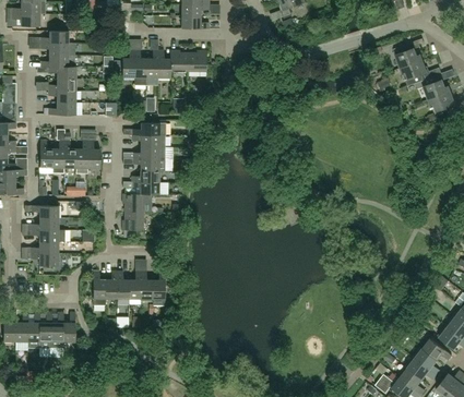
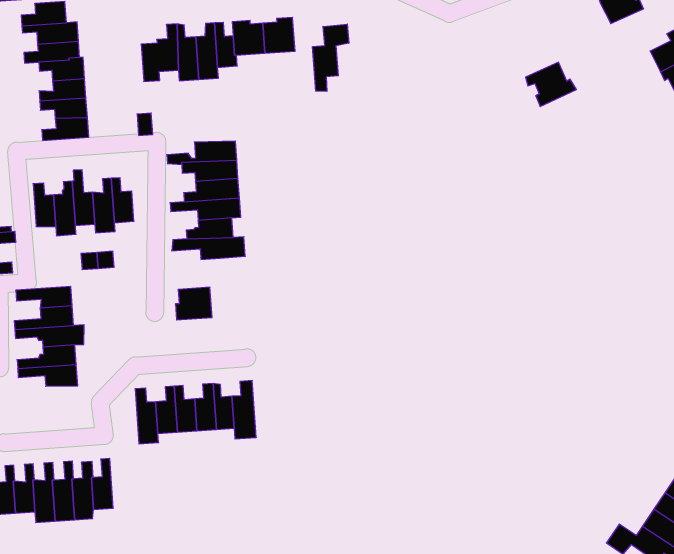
building: none -> [313,24,349,91]
building: [401,60,431,86] -> [526,62,576,106]
building: [122,193,152,212] -> none

